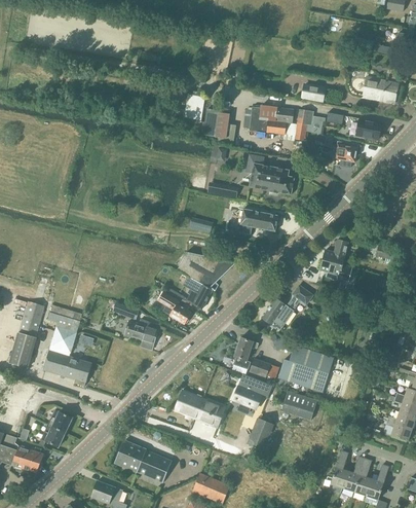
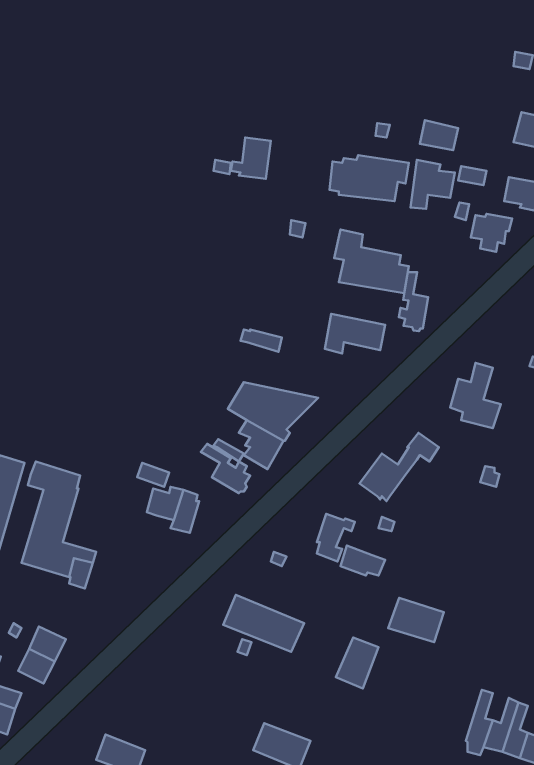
building: [202,109,229,139] -> none
building: none -> [399,272,428,331]
building: [278,344,334,392] -> none
building: [232,374,272,409] -> none
building: [115,440,172,481] -> none

